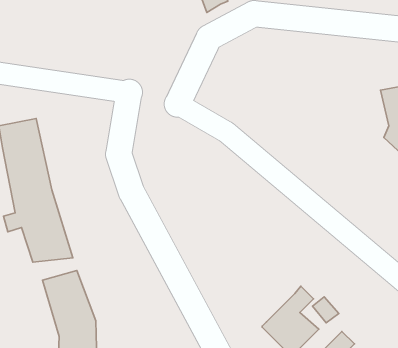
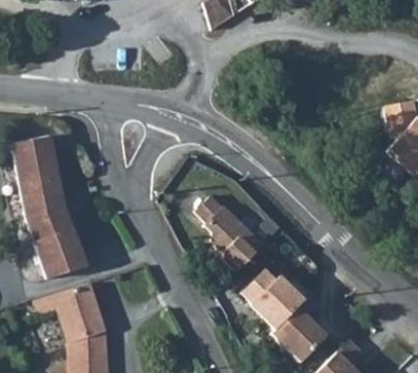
building: none -> [193,197,261,273]
building: none -> [240,271,302,330]

